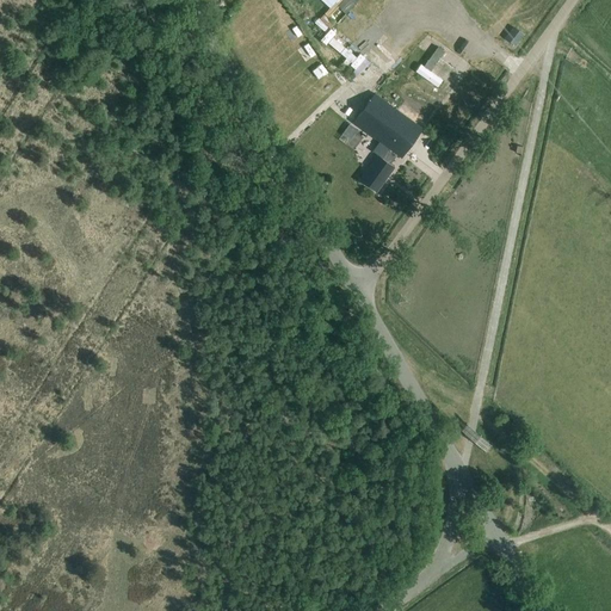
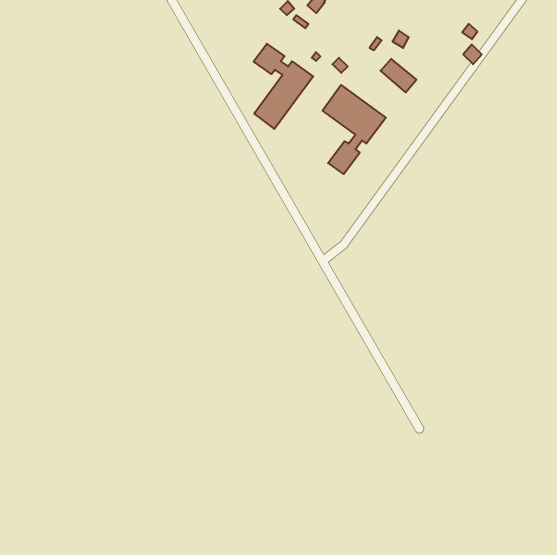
building: none -> [254,44,313,129]

